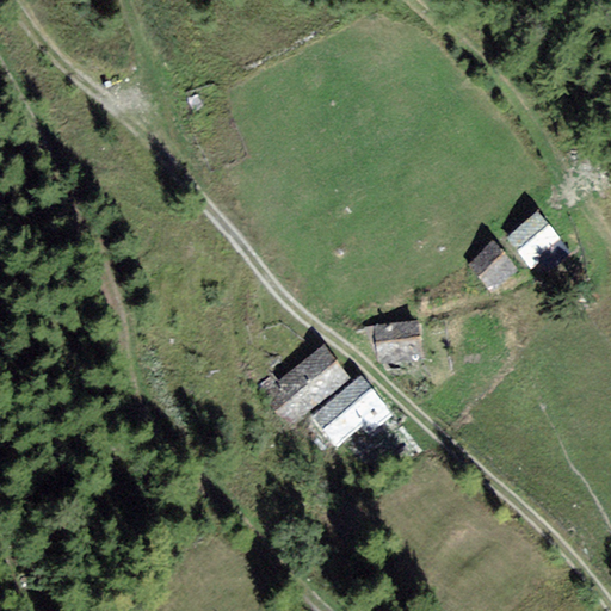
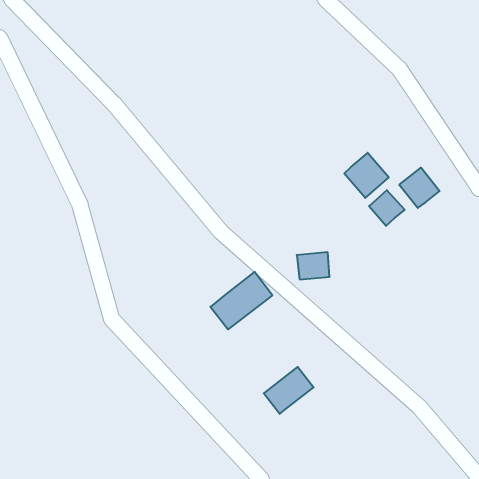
building: none -> [344,153,389,198]
building: [315,381,378,440] -> [264,367,314,414]

